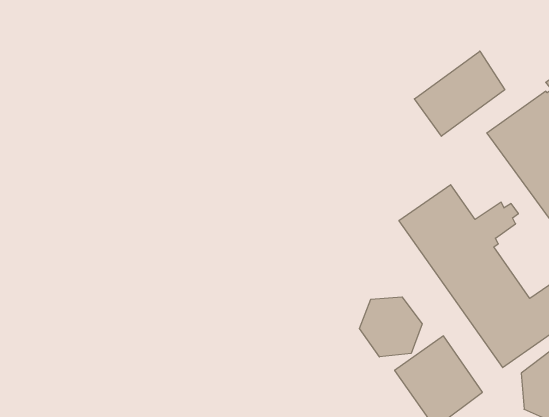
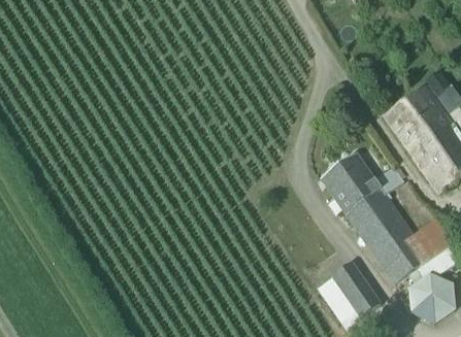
building: [414,51,505,136] -> none
building: [360,297,422,357] -> none

